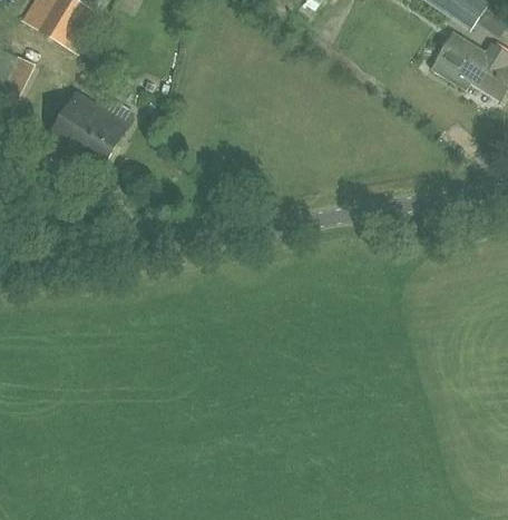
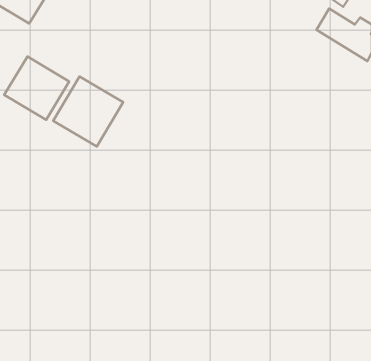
building: none -> [53,76,123,147]

